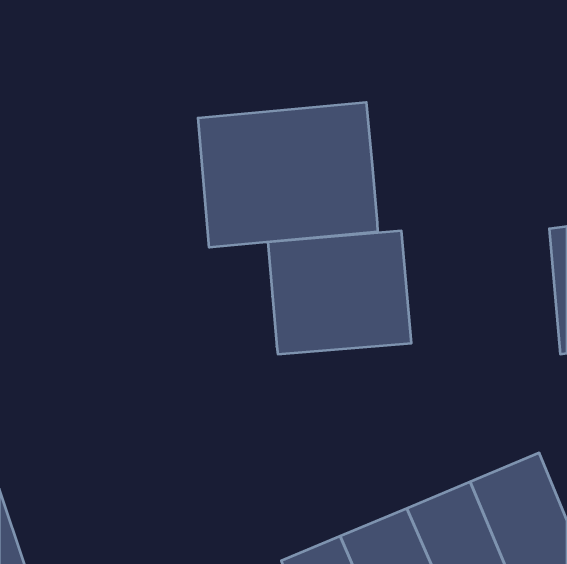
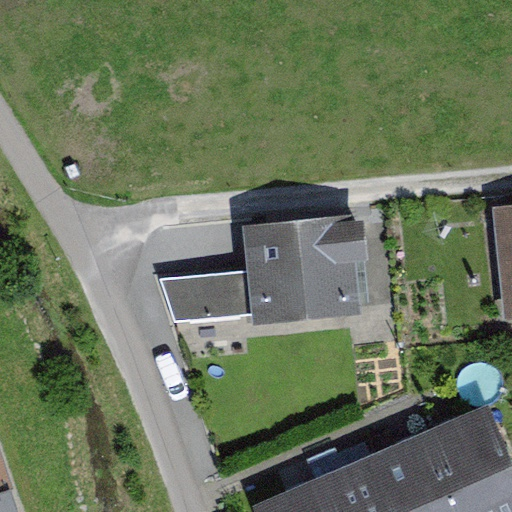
building: [198,102,377,247] -> none
building: none -> [159,270,249,321]

